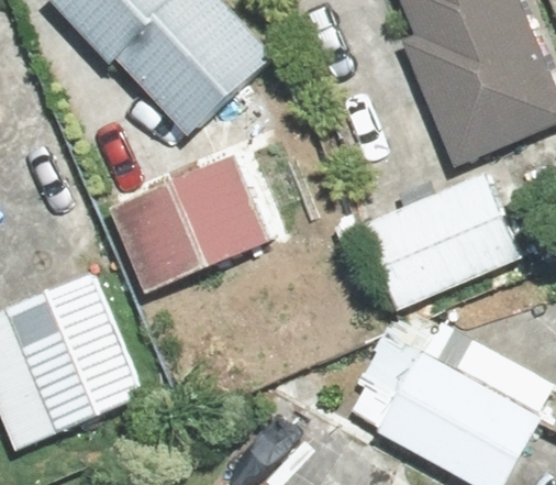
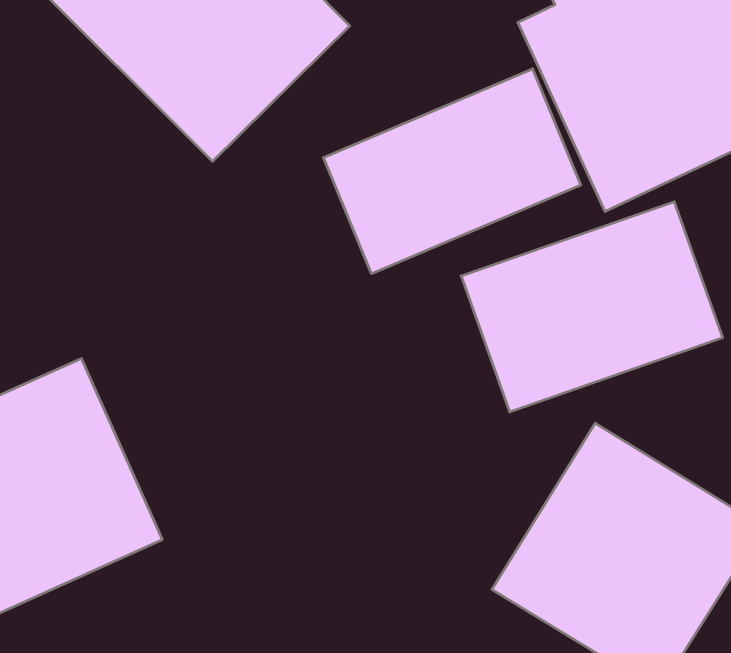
building: none -> [324,69,581,274]
building: [107,150,270,299] -> none

